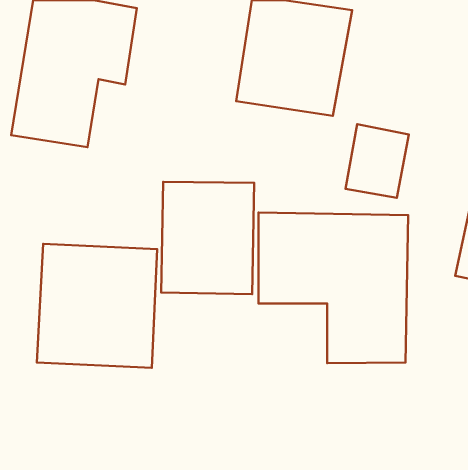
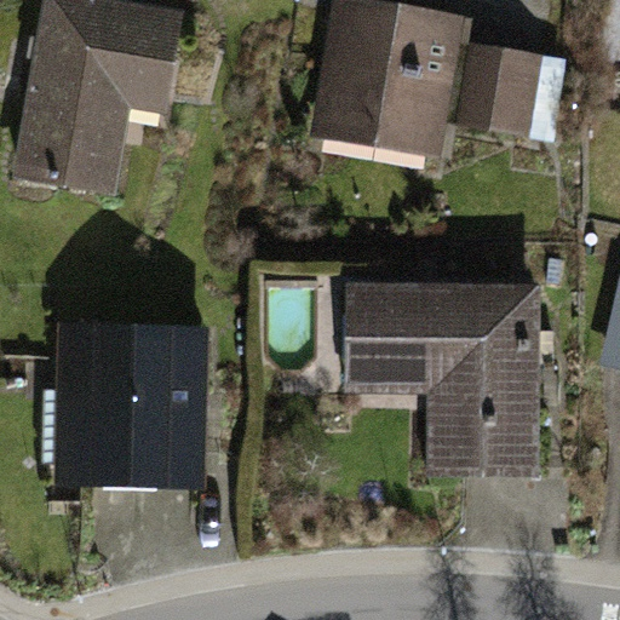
building: [345,124,409,198] -> [457,42,540,139]
building: [161,182,254,294] -> none

